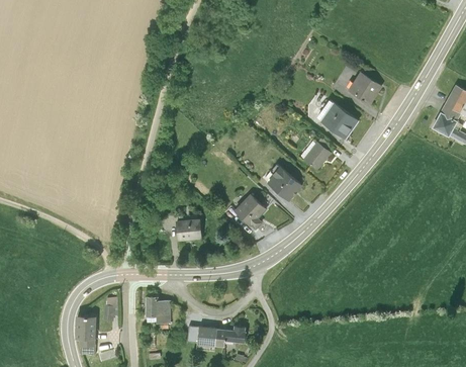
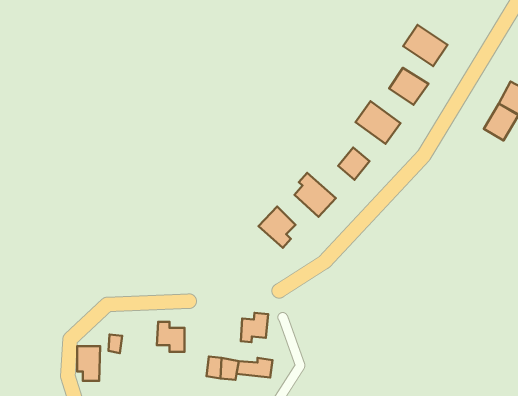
building: none -> [403,25,448,66]
building: [177,219,203,241] -> none
building: none -> [241,313,268,342]

